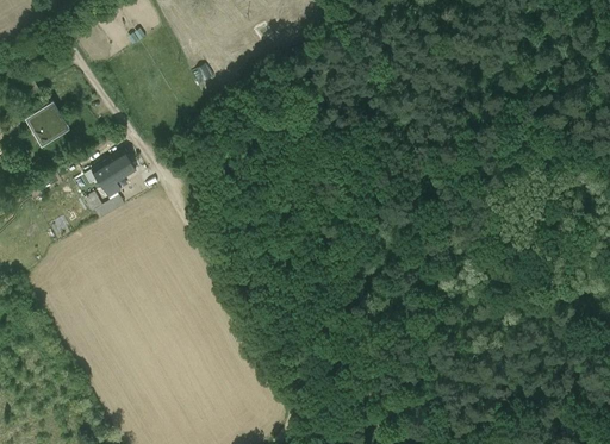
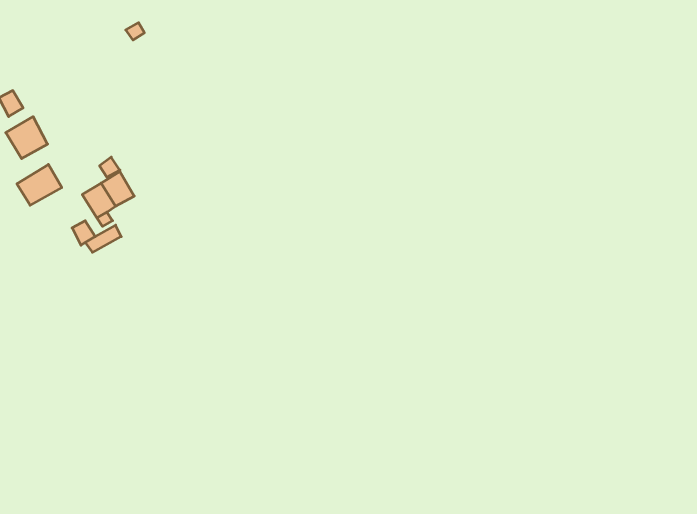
building: none -> [17,164,62,205]

